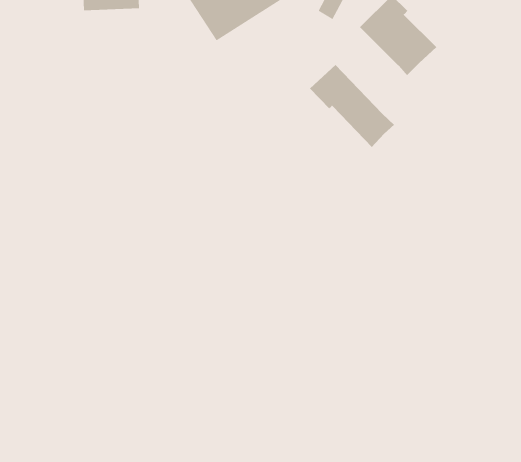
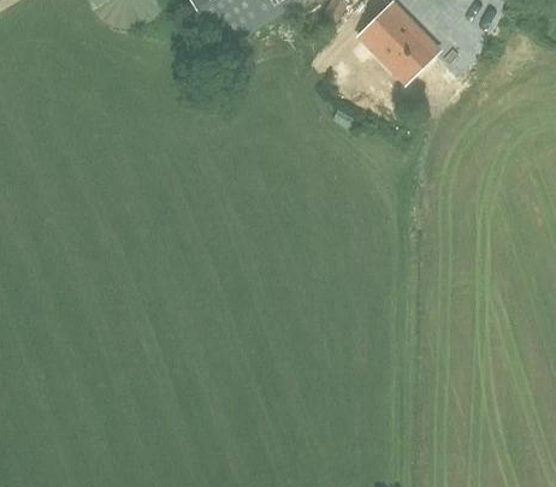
building: [309,64,395,148] -> none

